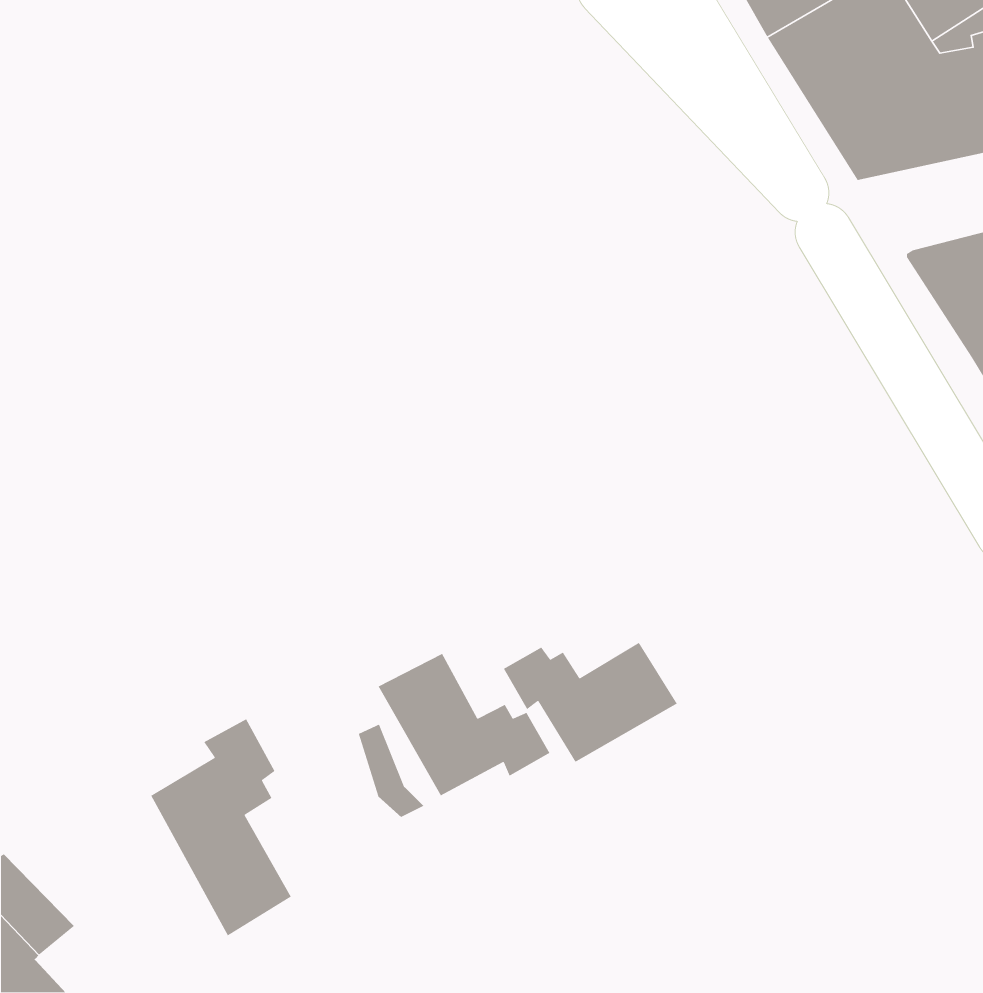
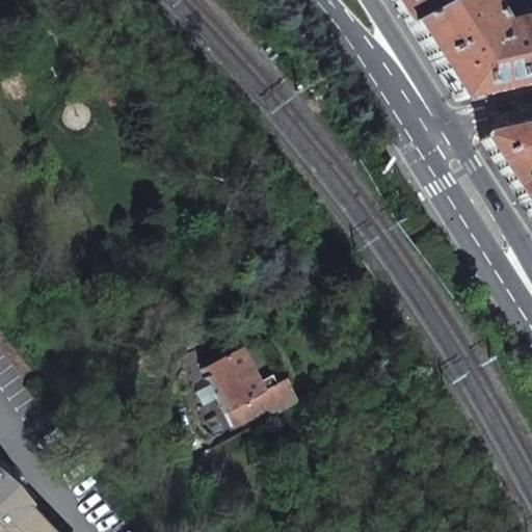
building: [503,642,678,763] -> none
building: [150,718,292,937] -> none

